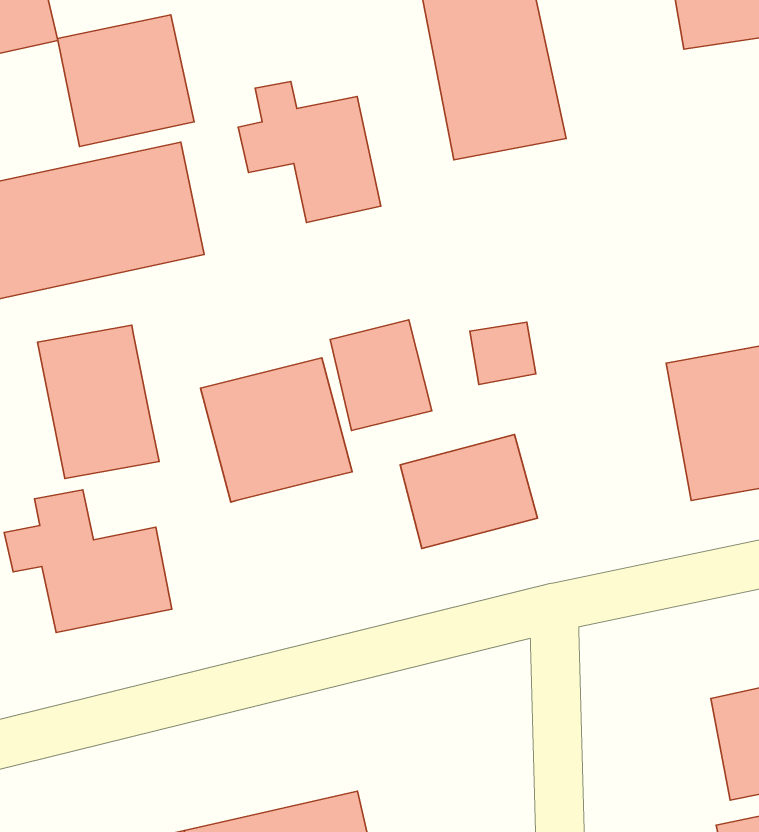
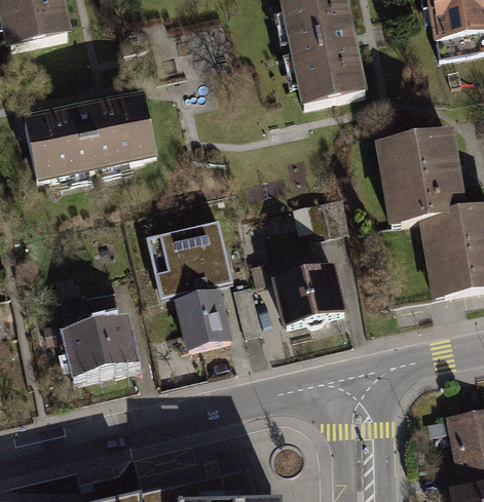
building: [57,15,194,147] -> none
building: [238,81,381,222] -> none
building: none -> [375,131,468,226]
building: [330,320,432,431] -> [175,288,233,352]
building: [38,325,159,478] -> none

